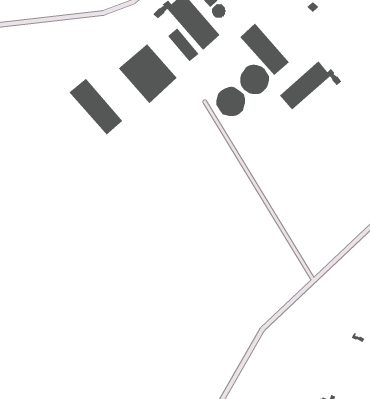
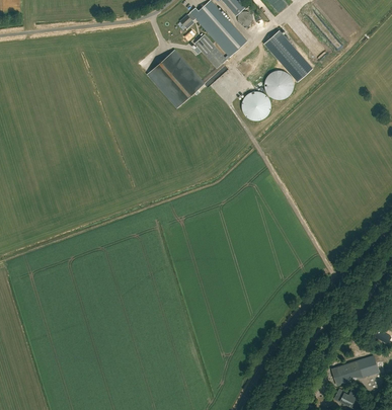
building: [279,61,342,110] -> none
building: [68,78,123,136] -> none
building: none -> [337,358,374,383]

